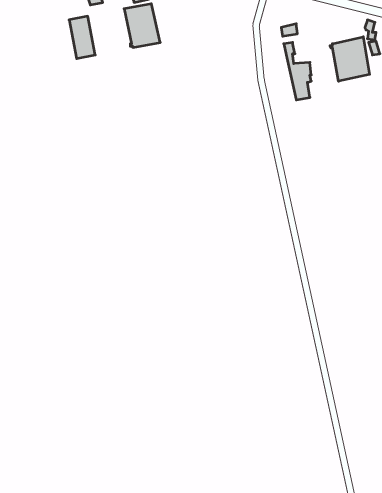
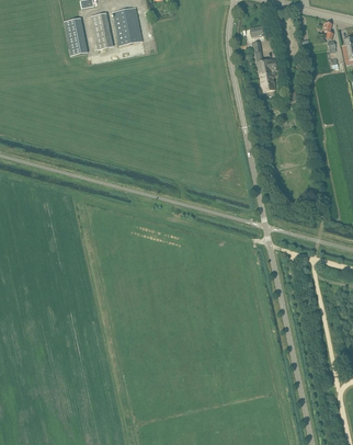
building: none -> [90,12,113,49]
building: [330,37,370,81] -> none

